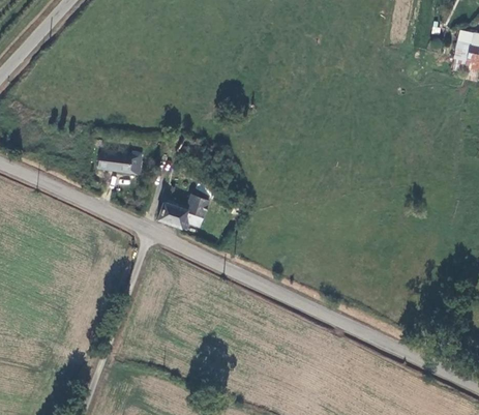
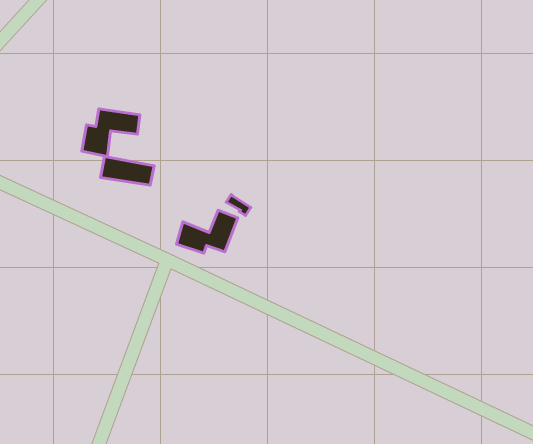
building: none -> [82,109,140,157]

